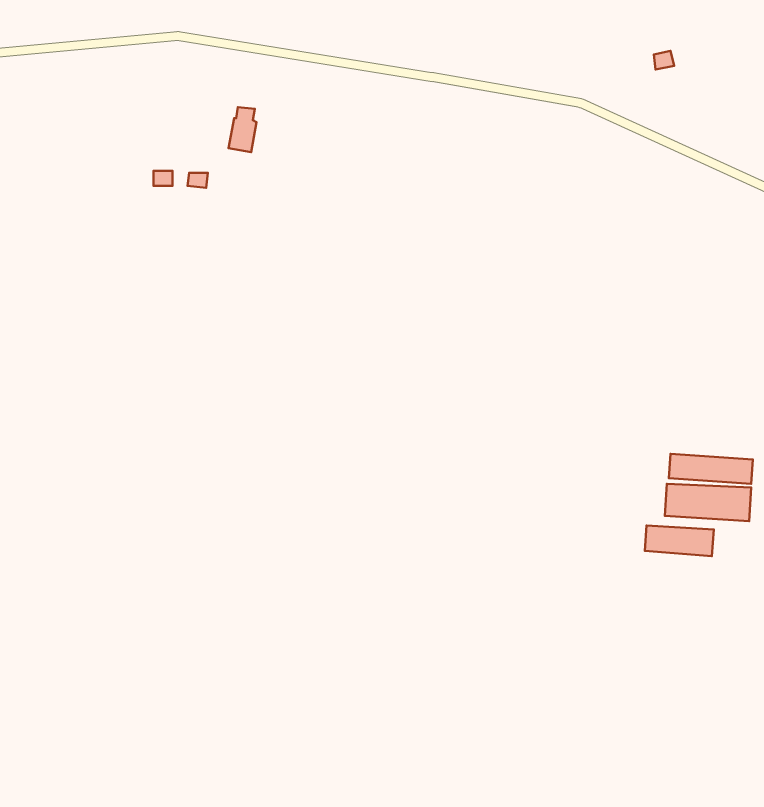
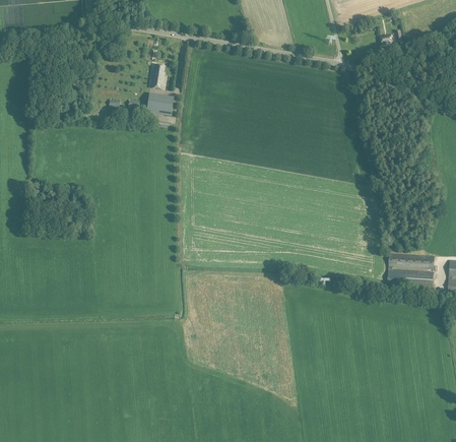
building: none -> [146,88,174,112]
building: [645,526,714,556] -> none

